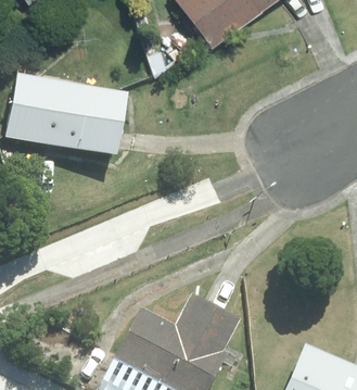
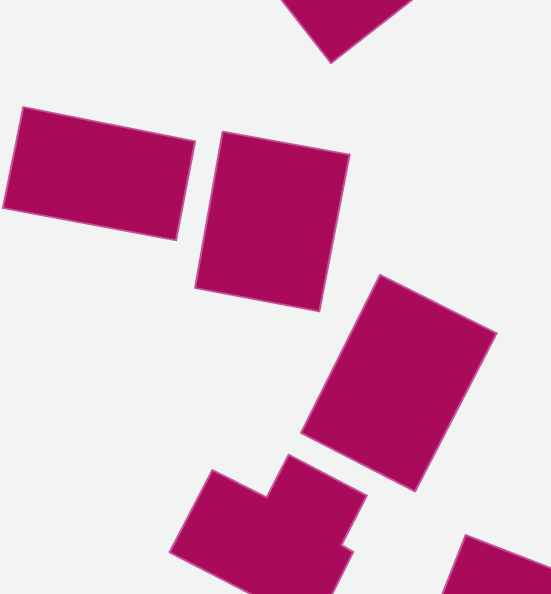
building: none -> [195,132,350,312]
building: none -> [301,275,497,491]

